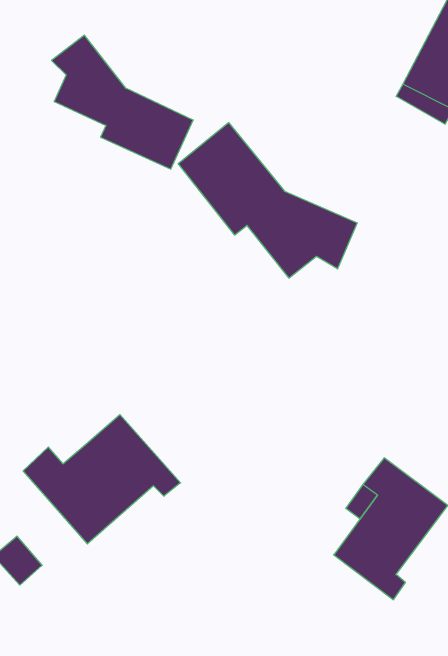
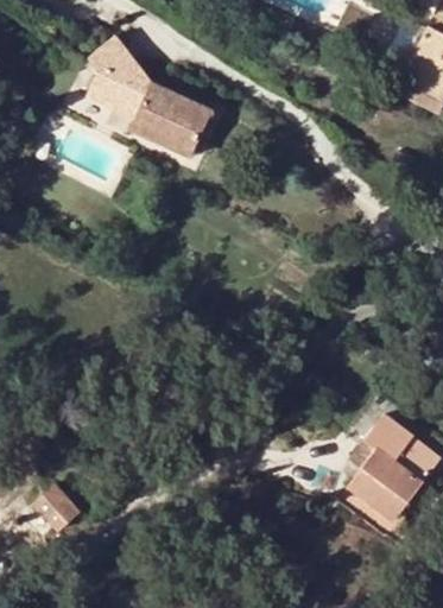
building: [178,123,357,278] -> none
building: [23,415,181,544] -> none

